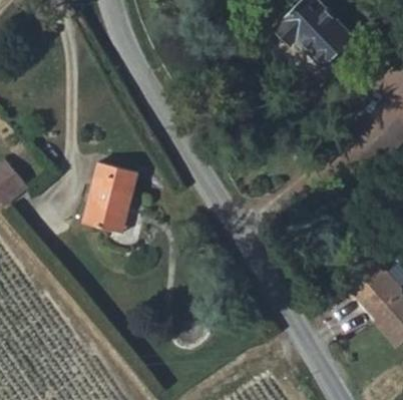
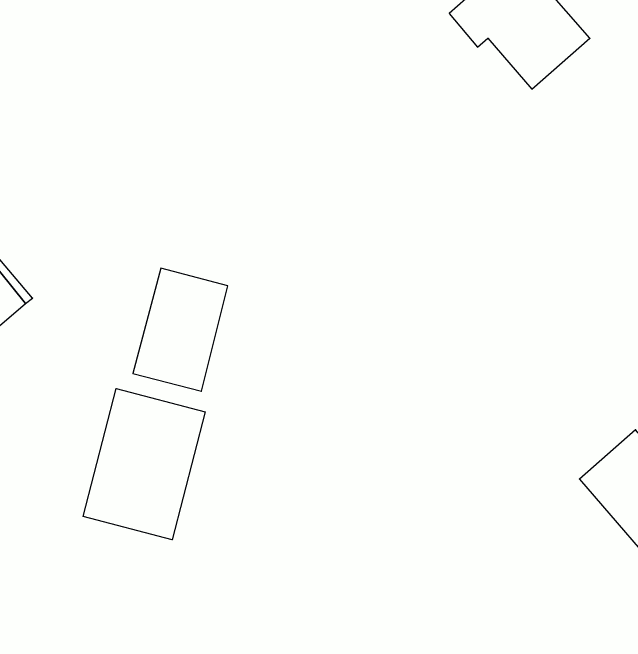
building: none -> [83,389,205,540]

